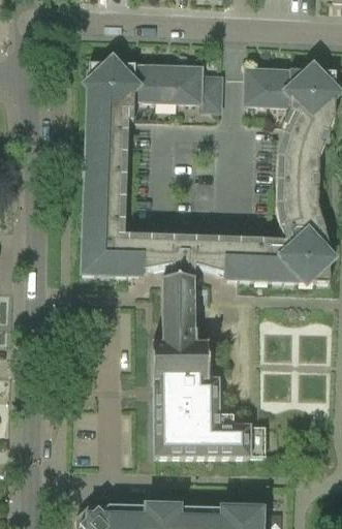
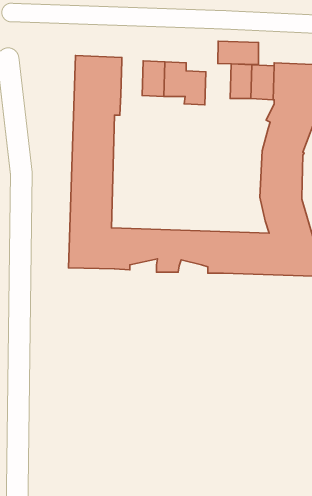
building: none -> [218,41,259,65]
building: [134,66,157,101] -> none
building: [151,279,265,458] -> none

